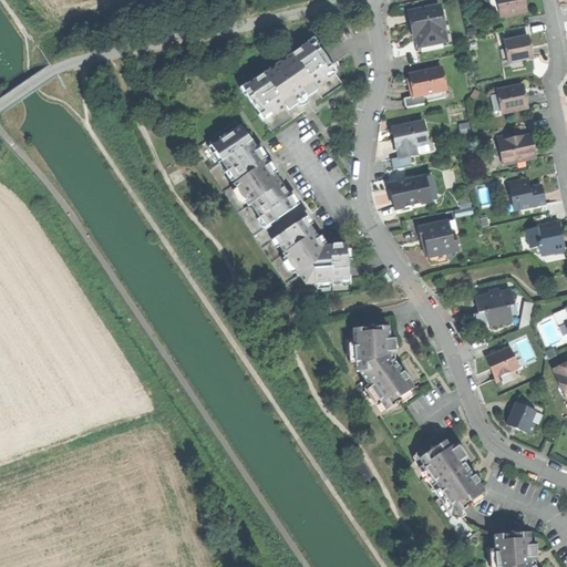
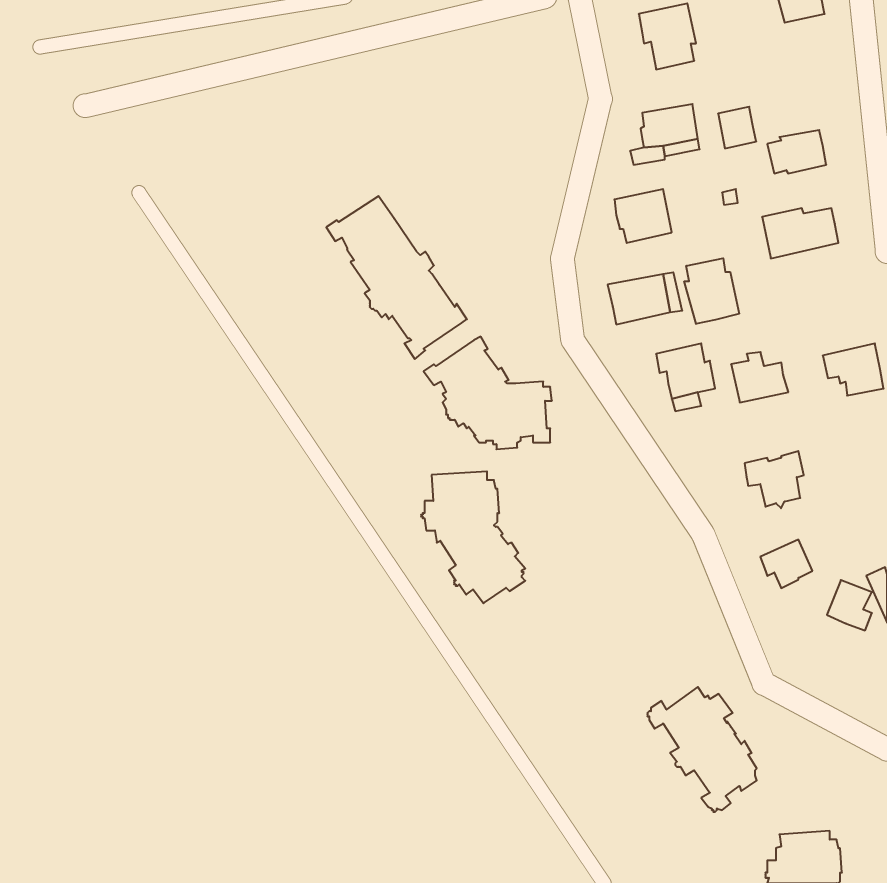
building: [506,33,530,60] -> [718,107,756,148]
building: [239,35,337,121] -> none
building: none -> [684,258,739,324]
building: [508,176,545,208] -> [731,352,788,402]
building: [347,324,413,409] -> [421,471,525,603]
building: [506,401,535,433] -> [827,580,872,630]

